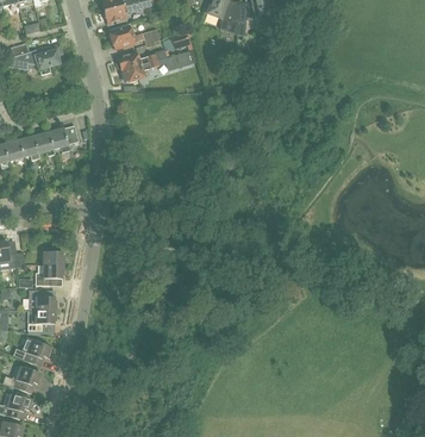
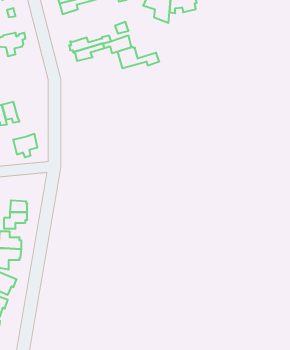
building: [108,20,160,46] -> [117,47,159,68]
building: [48,123,77,151] -> [13,134,37,157]

